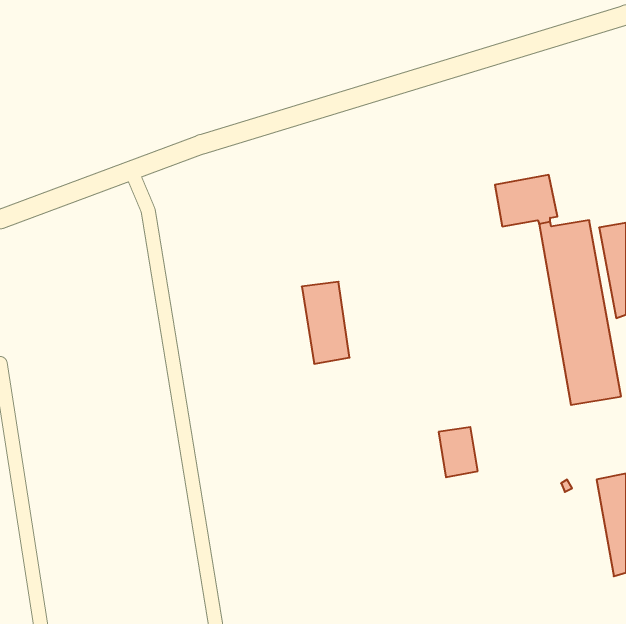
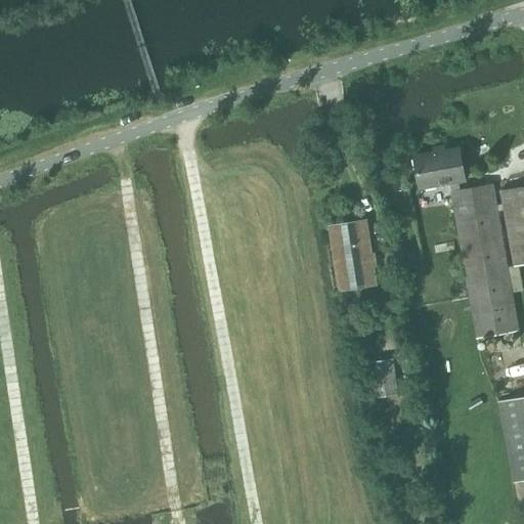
building: [302,282,350,364] -> [334,222,374,291]

